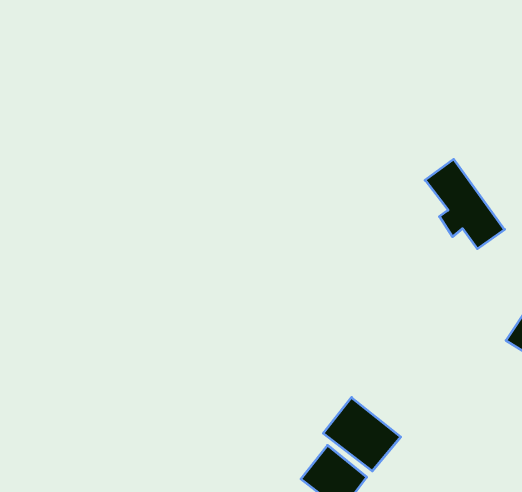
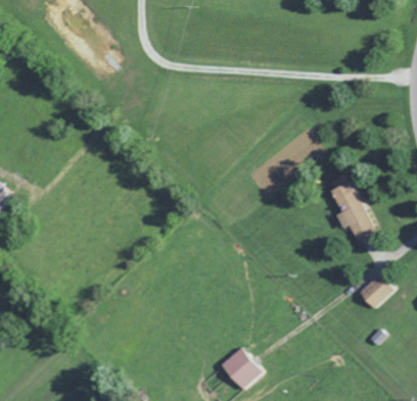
building: [323,397,401,471] -> none

